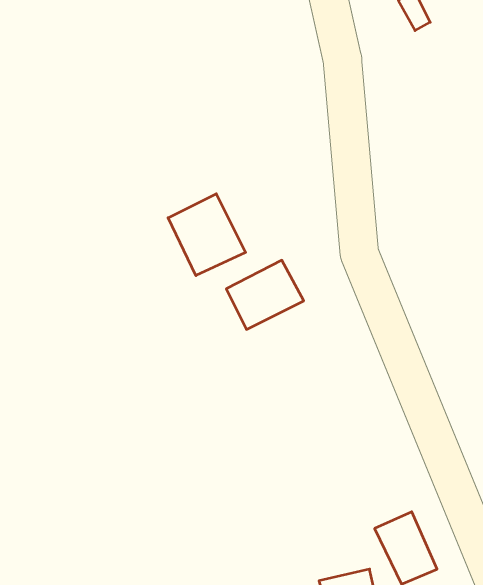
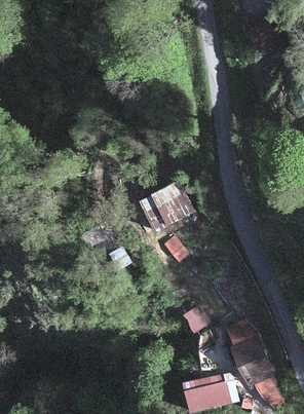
building: [168,194,246,276] -> none

